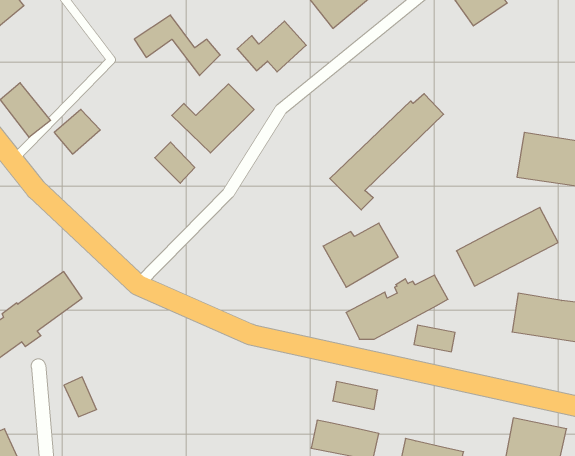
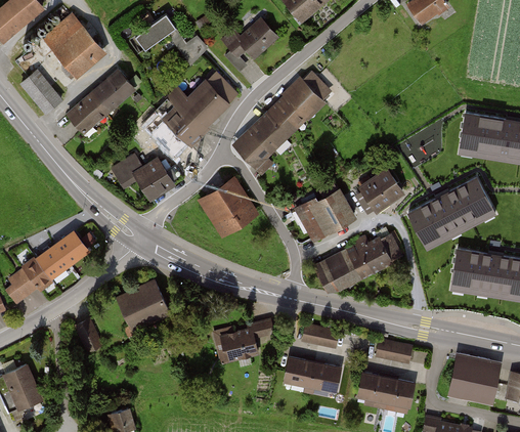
building: none -> [42,14,106,81]
building: none -> [89,71,133,112]
building: [330,94,444,210] -> [233,74,330,172]
building: none -> [154,99,199,143]
building: none -> [114,154,181,198]
building: none -> [360,169,407,215]
building: none -> [199,179,254,234]
building: [414,325,455,352] -> [376,340,410,362]
building: none -> [117,282,171,333]
building: none -> [212,319,276,366]

